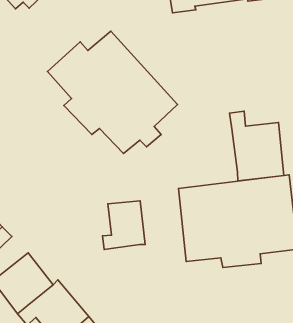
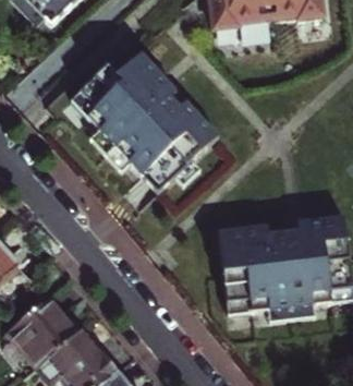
building: [230,111,284,181] -> none
building: [102,201,145,250] -> none

